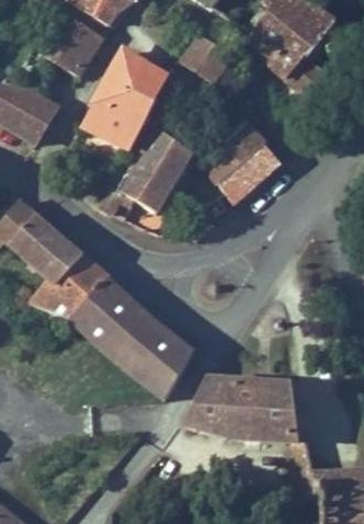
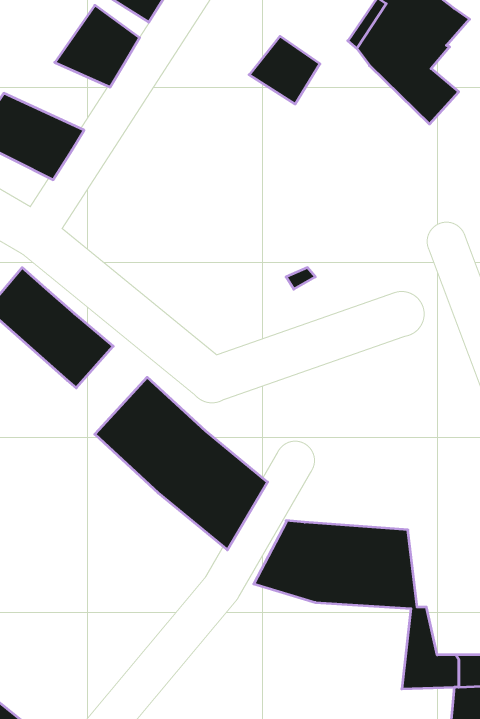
building: [81,50,167,149] -> none
building: [201,119,278,203] -> none
building: [99,125,191,218] -> none
building: [31,255,106,319] -> none

